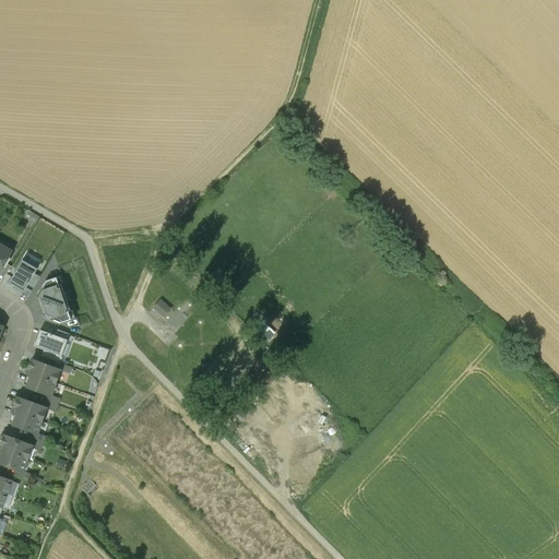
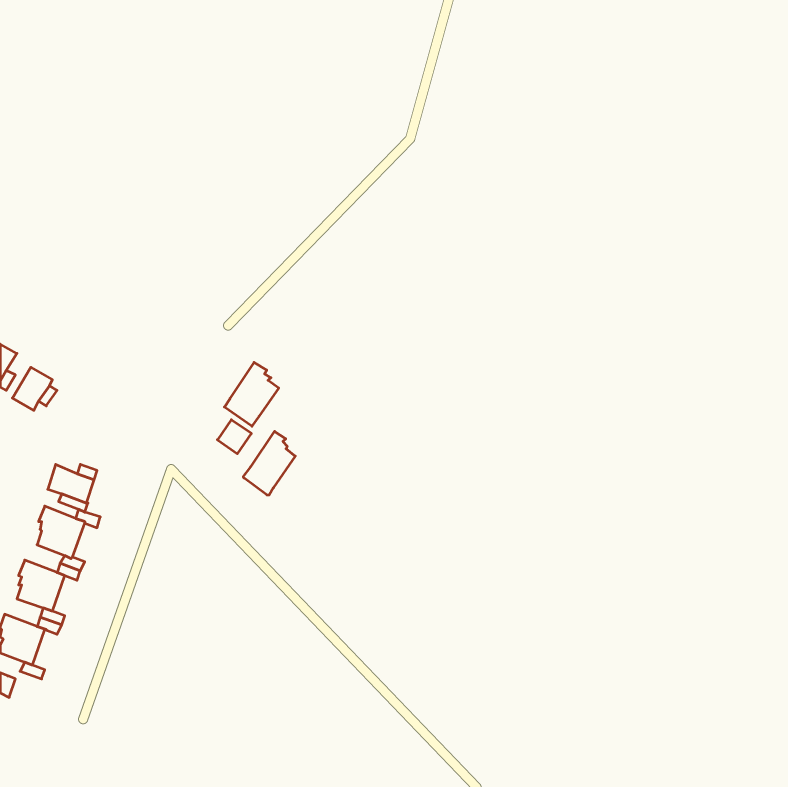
building: none -> [224,362,279,426]
building: [36,276,70,322] -> none
building: none -> [243,431,295,495]

